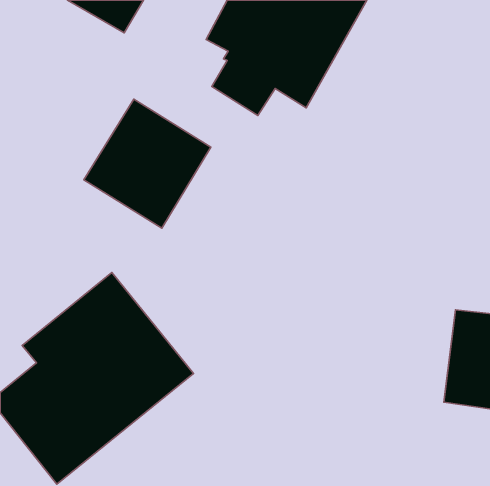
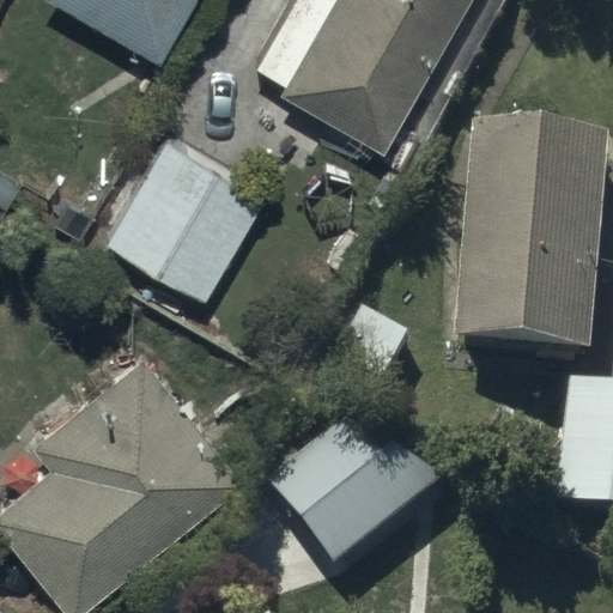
building: none -> [456,138,606,356]
building: none -> [277,432,443,570]

